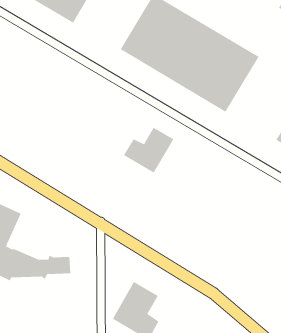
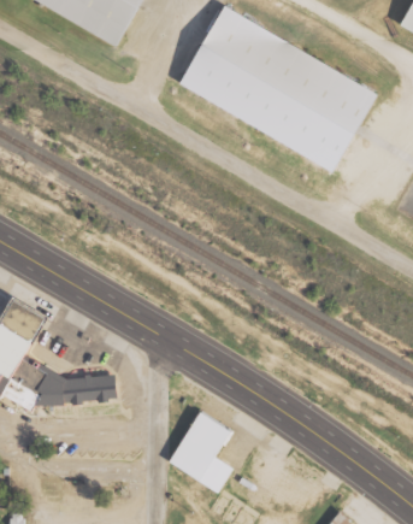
building: [123,127,174,173] -> none

